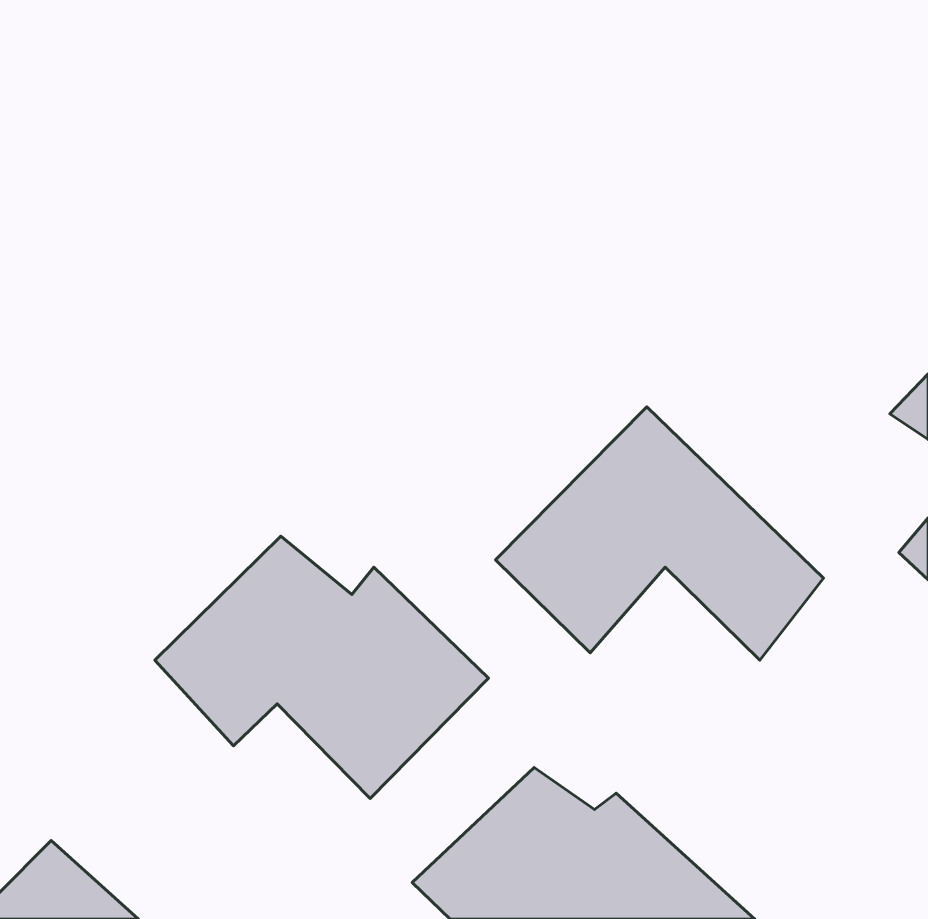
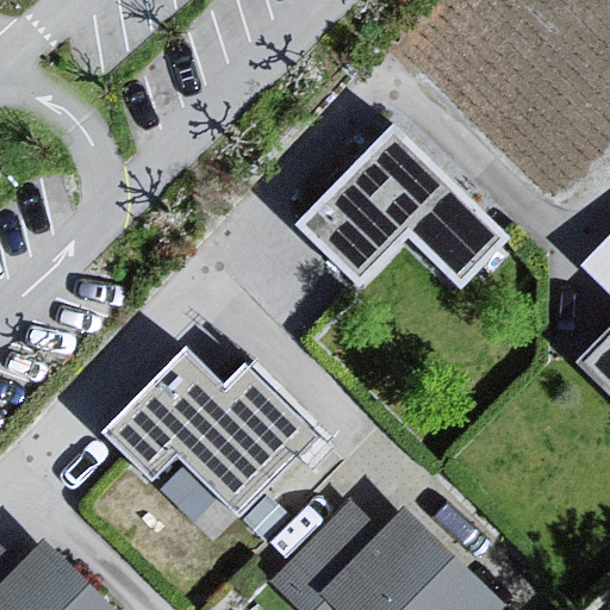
building: [495,407,824,660] -> [298,131,512,297]

